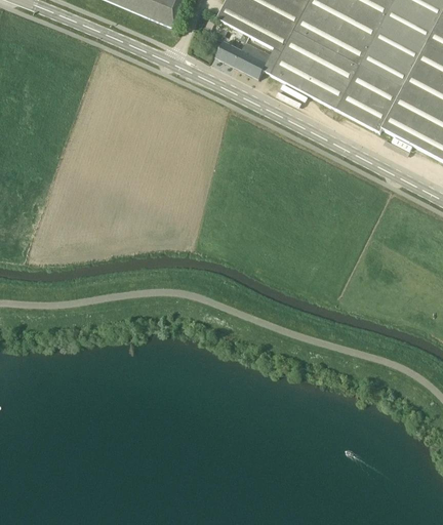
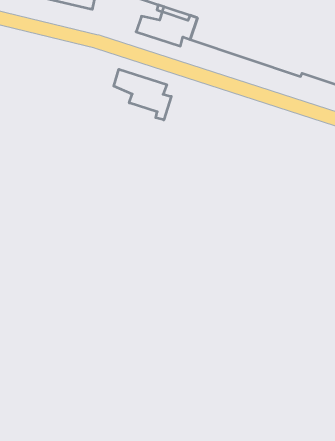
building: none -> [114,69,171,120]

